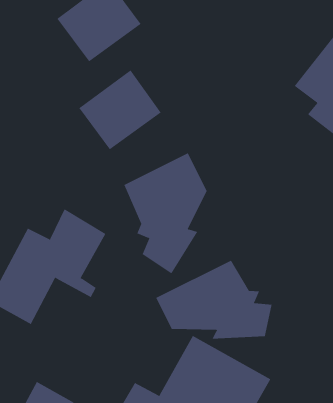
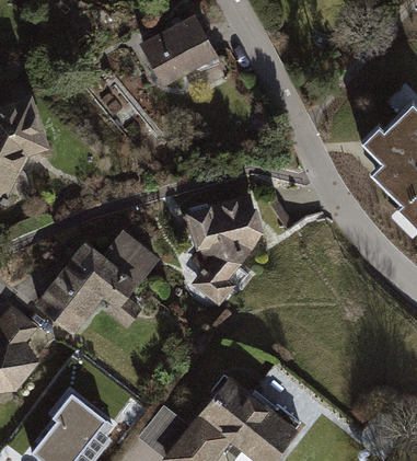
building: [78,69,162,150] -> none
building: [155,260,272,340] -> none

